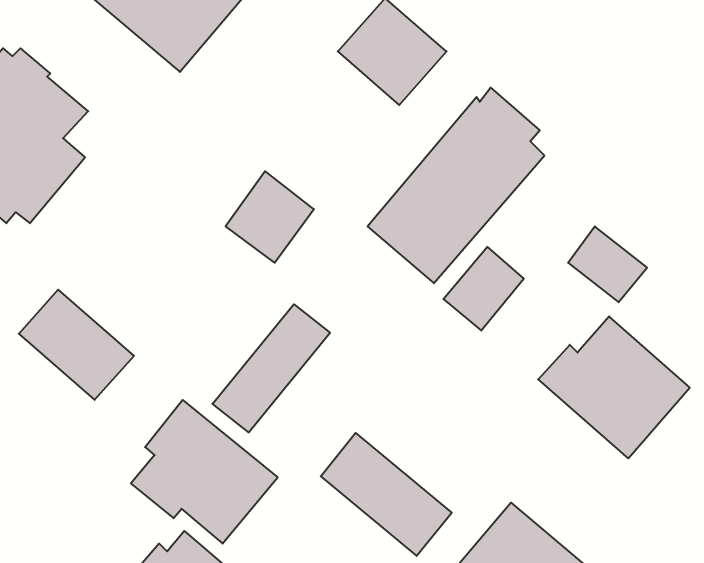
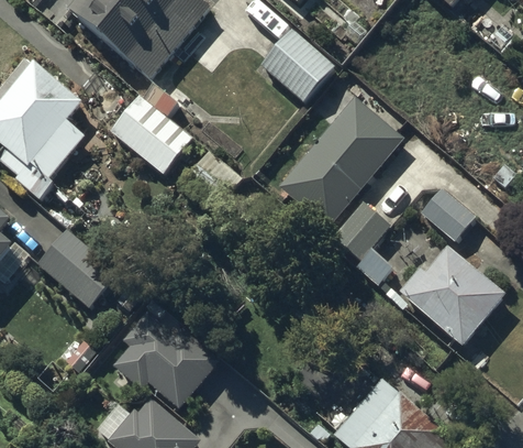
building: none -> [113,97,194,175]
building: [212,304,330,432] -> none
building: [321,433,452,556] -> none

